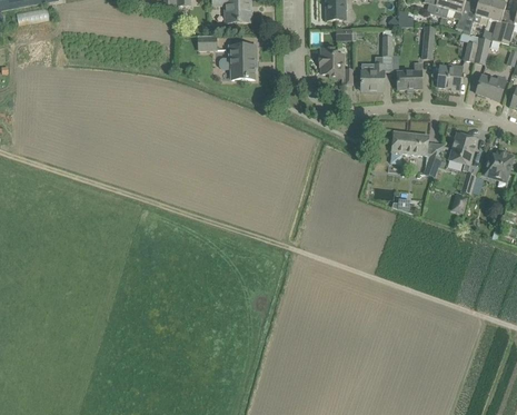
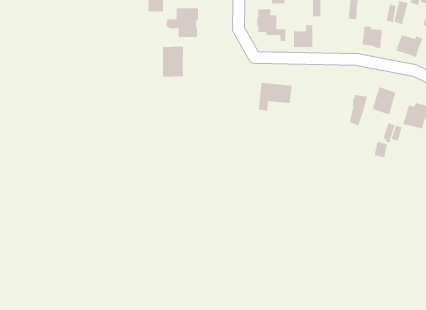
building: [397,61,421,88] -> none
building: none -> [163,46,184,78]
building: [390,131,429,164] -> [258,83,293,111]

